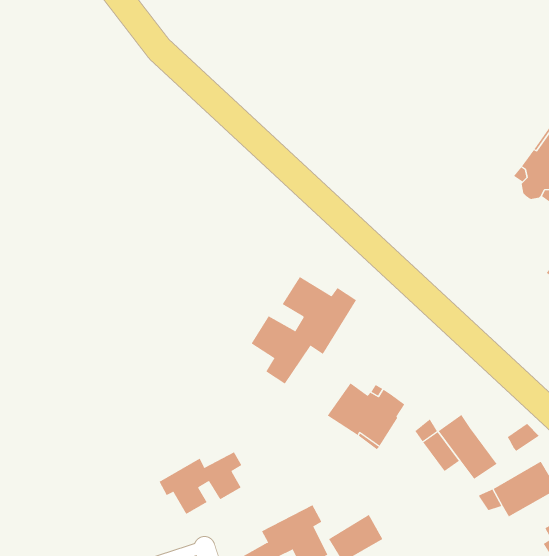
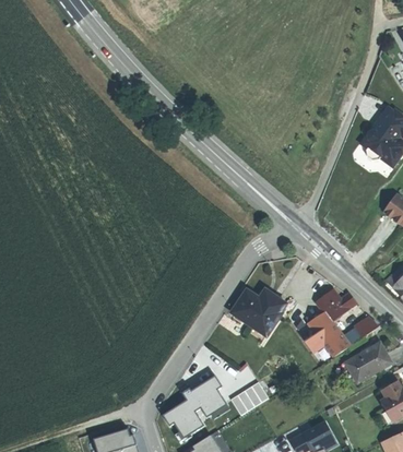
building: [251,276,357,384] -> none
building: none -> [316,290,356,321]
building: [159,451,242,515] -> none

